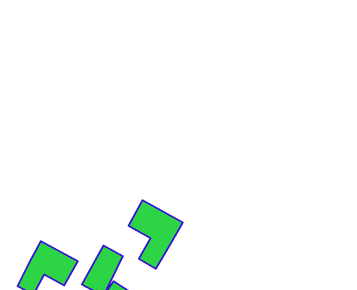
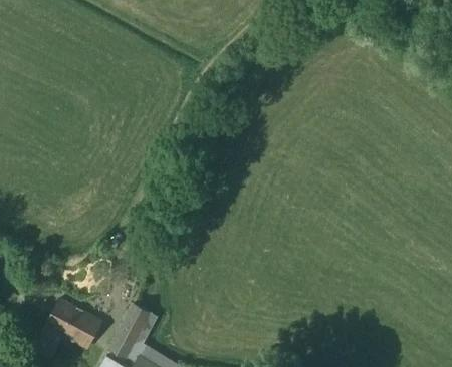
building: [129,200,183,269] -> none

